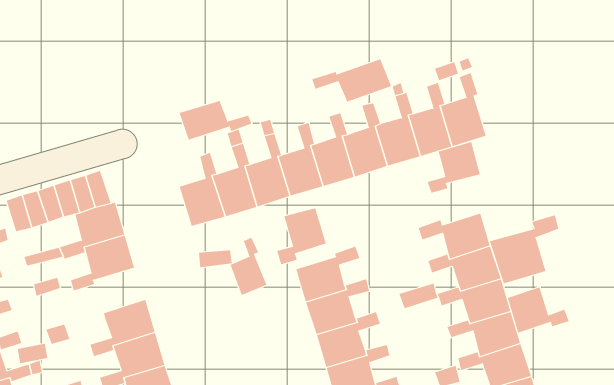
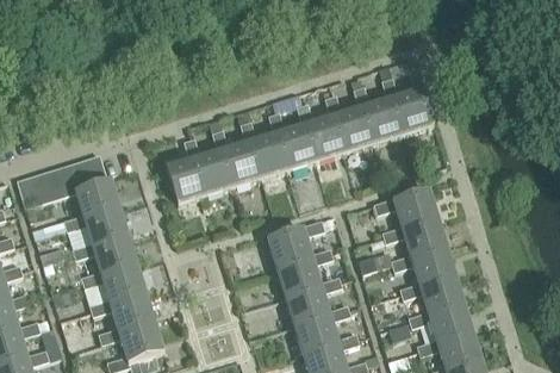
building: [311,59,392,102] -> none
building: [179,100,252,141] -> none
building: [427,141,481,193] -> none
building: [277,207,327,265] -> none
building: [489,215,559,284] -> none
building: [230,237,267,296] -> none
building: none -> [81,237,138,286]
building: [507,287,569,333] -> none

